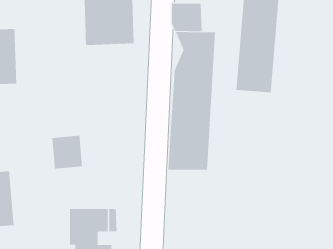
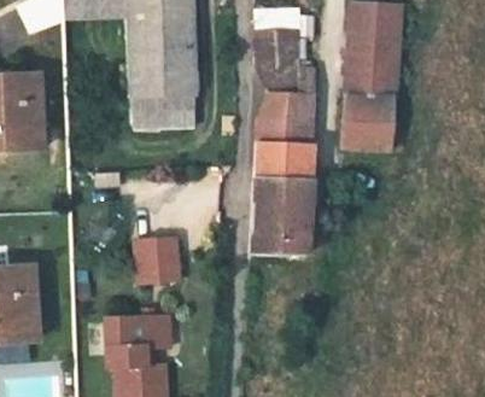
building: none -> [136,93,200,123]
building: [52,135,83,169] -> [144,237,186,282]

